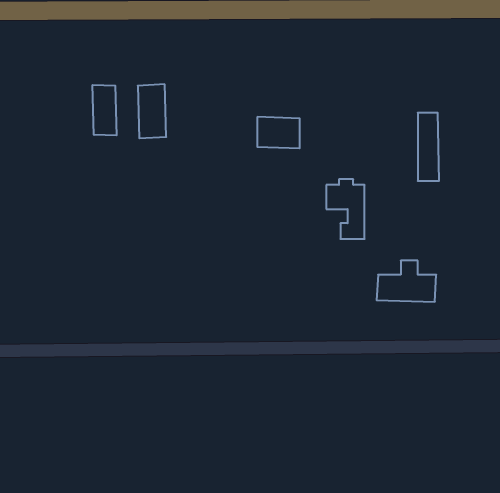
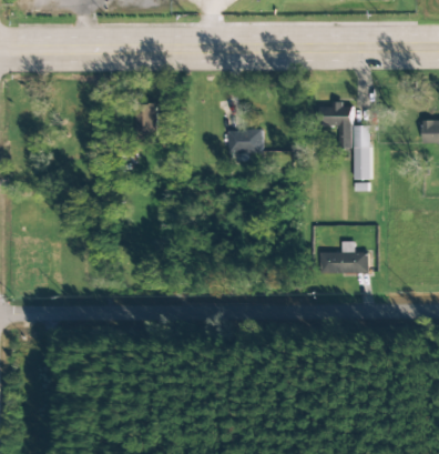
building: [93,85,117,135] -> none
building: [326,179,365,239] -> [320,103,350,150]

